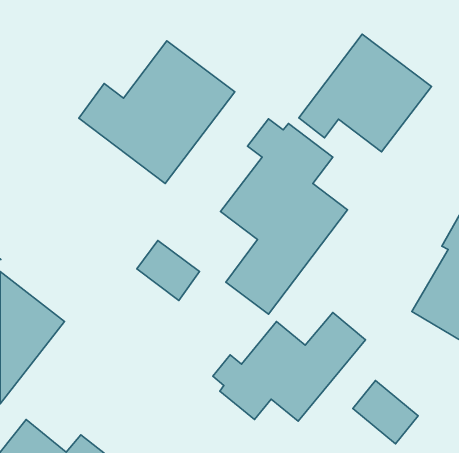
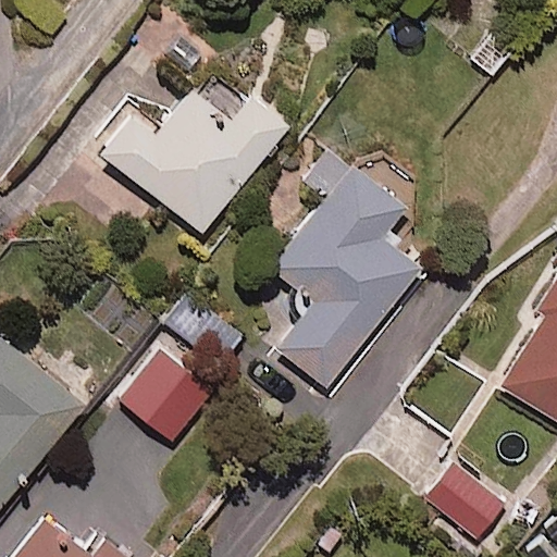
building: [299,34,432,152] -> none
building: none -> [121,357,215,449]
building: [213,312,365,421] -> none

